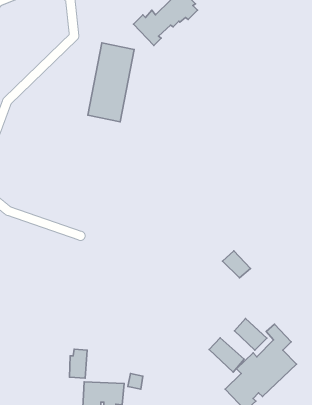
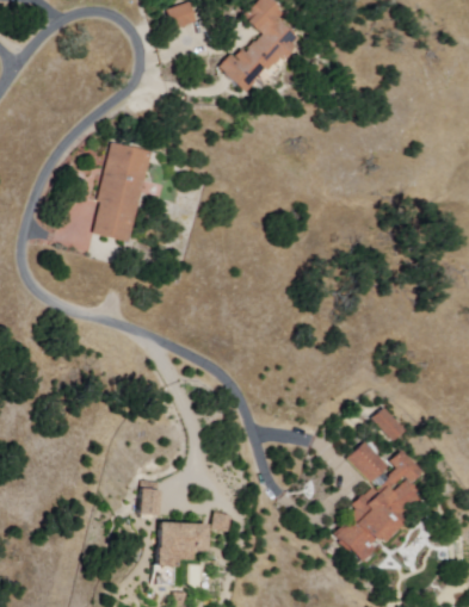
building: [88,43,134,122] -> [93,138,153,240]
building: [223,251,250,278] -> [369,407,405,441]
building: [209,338,244,372] -> none

